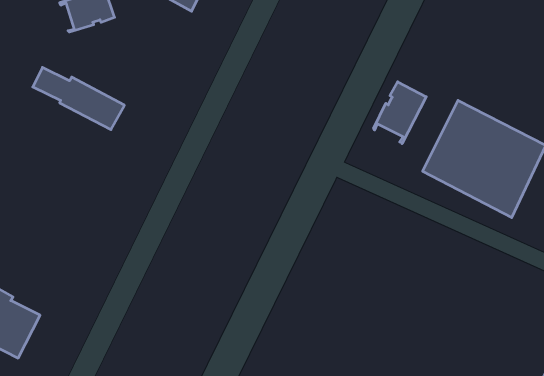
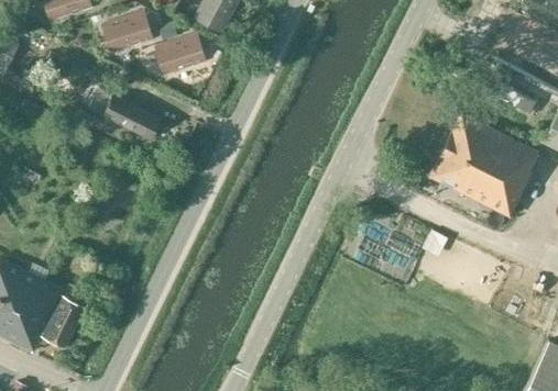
building: none -> [155,34,205,75]
building: [374,82,426,144] -> none

